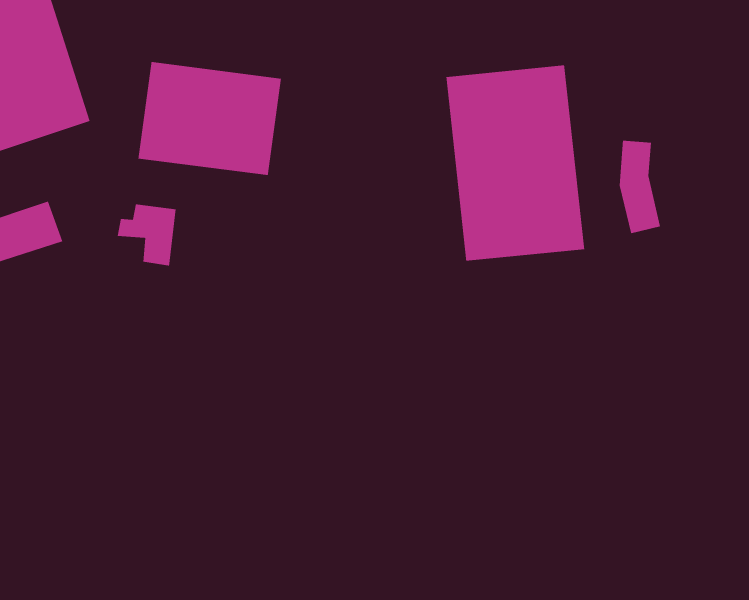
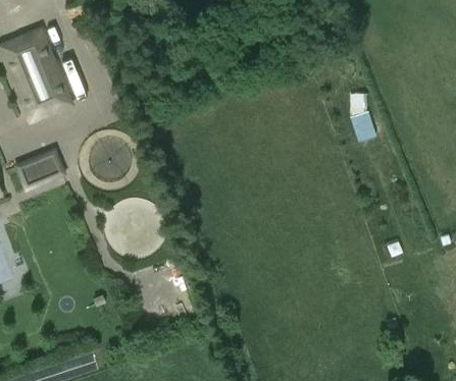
building: [138,61,282,176] -> none
building: [446,65,585,262] -> none

